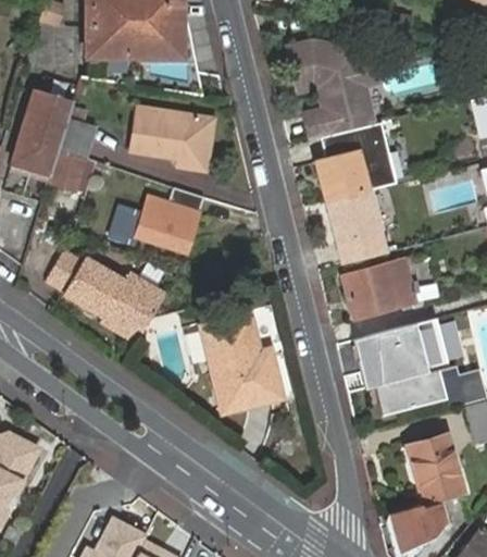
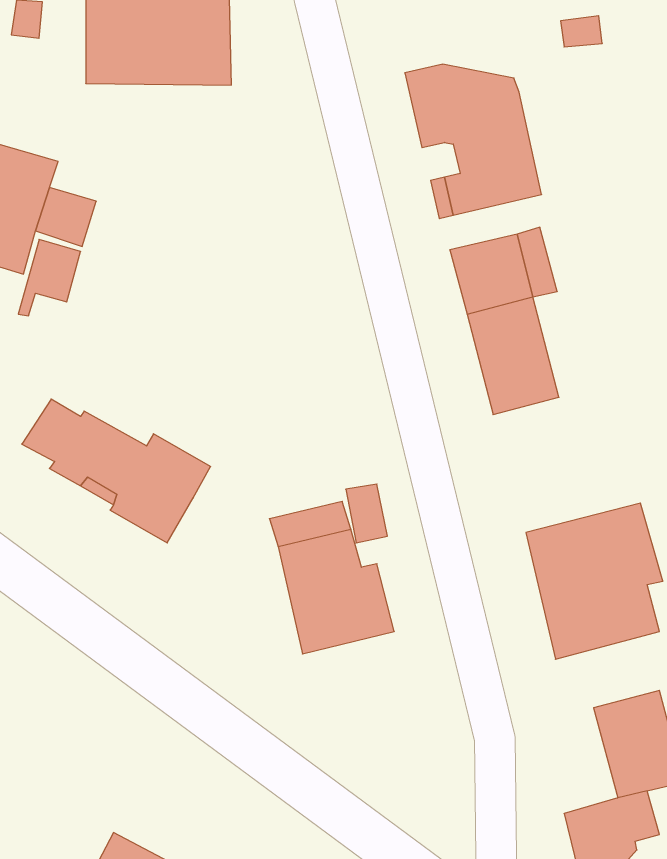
building: [129,109,210,173] -> none
building: [114,186,205,252] -> none
building: [346,257,415,317] -> none

